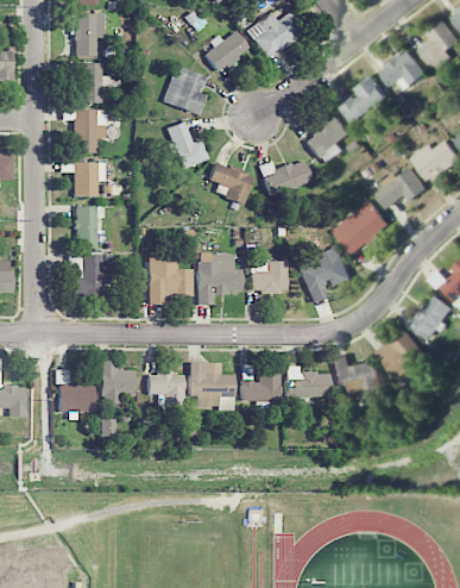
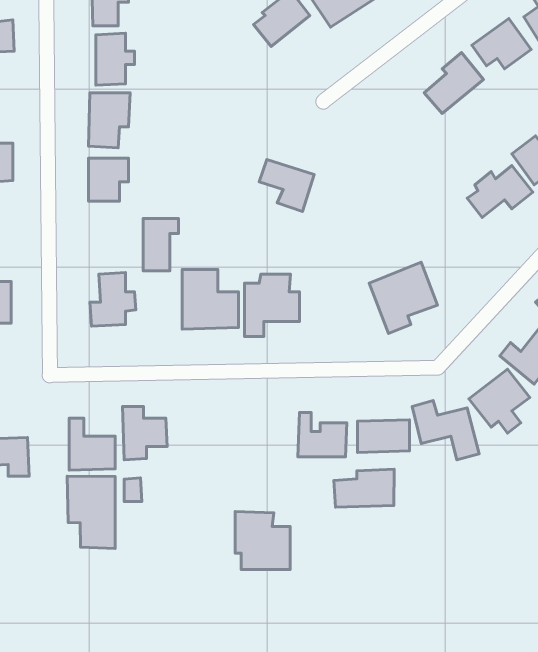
building: [163,65,206,115] -> none
building: [305,117,351,165] -> none
building: [166,120,208,169] -> none
building: [260,159,311,201] -> none
building: [334,200,391,256] -> none
building: [75,206,103,248] -> [143,219,179,271]
building: [250,259,286,293] -> none
building: [190,362,234,408] -> [235,511,290,569]
building: [147,374,184,406] -> none
building: none -> [334,469,394,507]
building: none -> [67,476,115,549]

